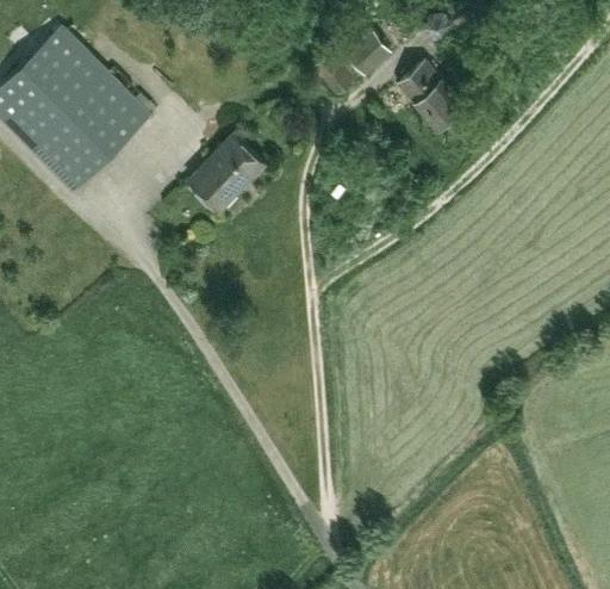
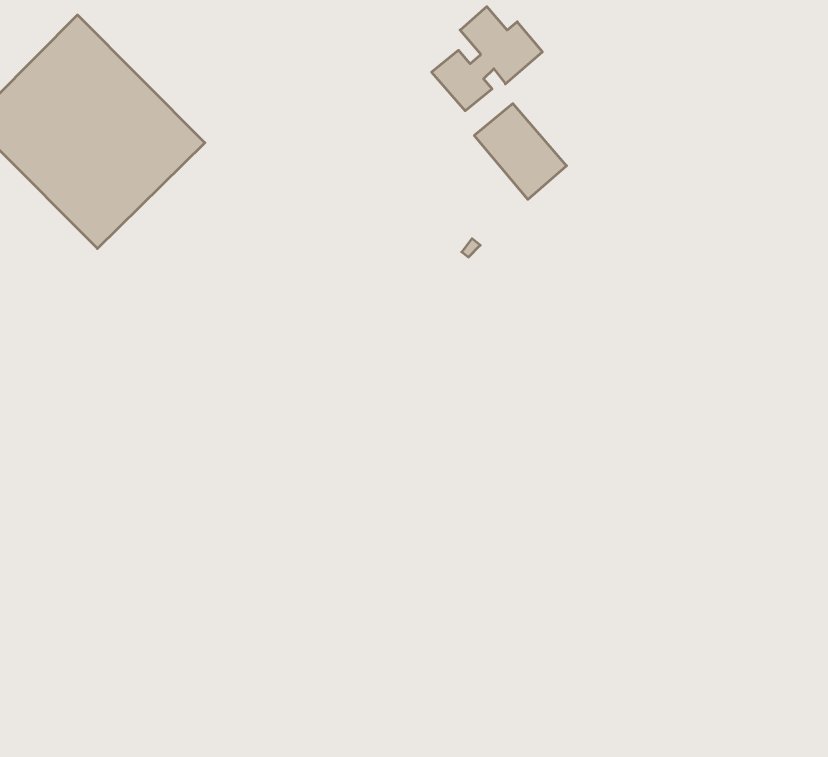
building: [398,61,463,129] -> [474,104,567,199]
building: [189,135,264,210] -> none

